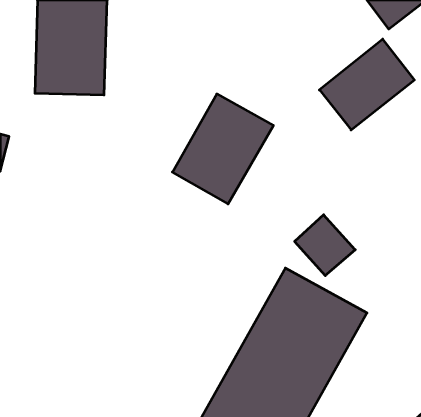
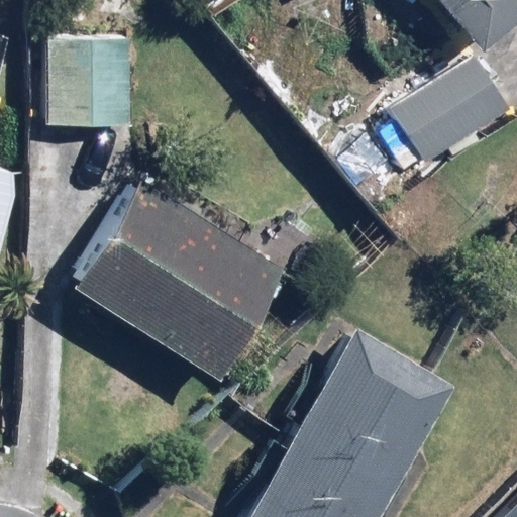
building: [172,94,273,204] -> none
building: none -> [82,187,277,366]

